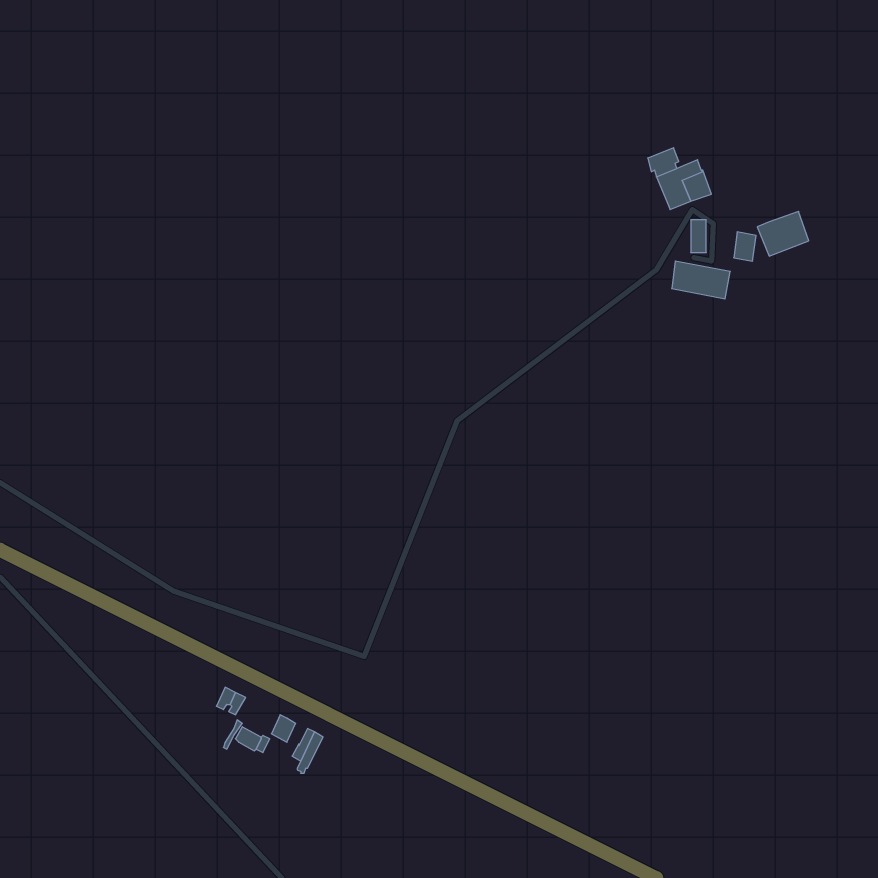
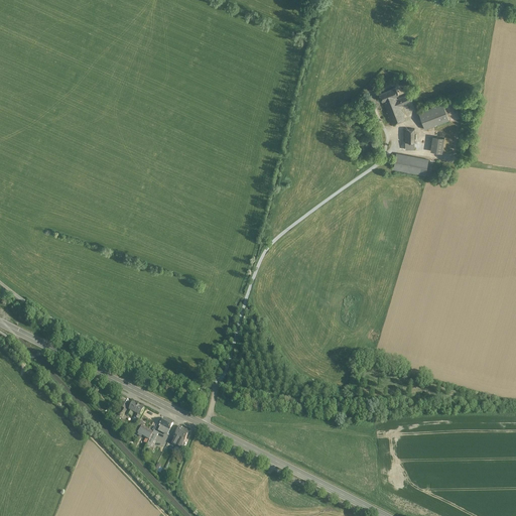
building: [757,211,809,256] -> [418,103,448,129]

